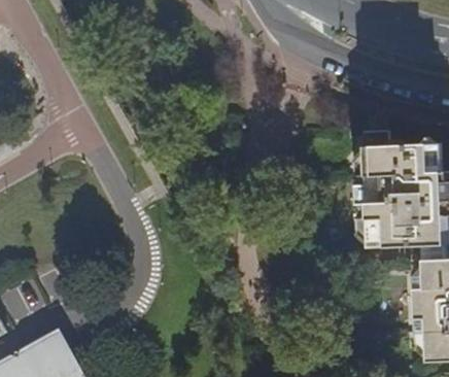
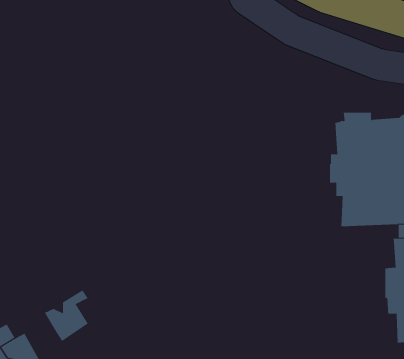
building: none -> [44,289,89,342]

